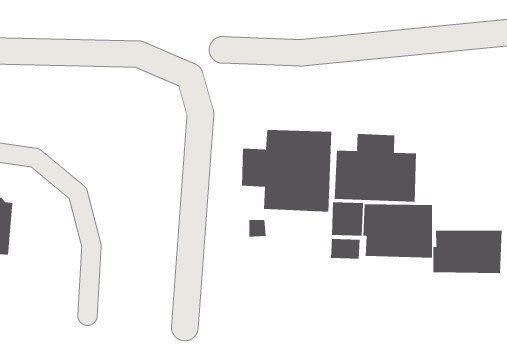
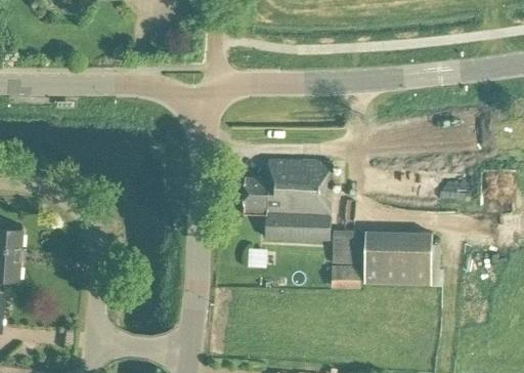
building: [334,133,416,203] -> none
building: [433,230,502,274] -> none

